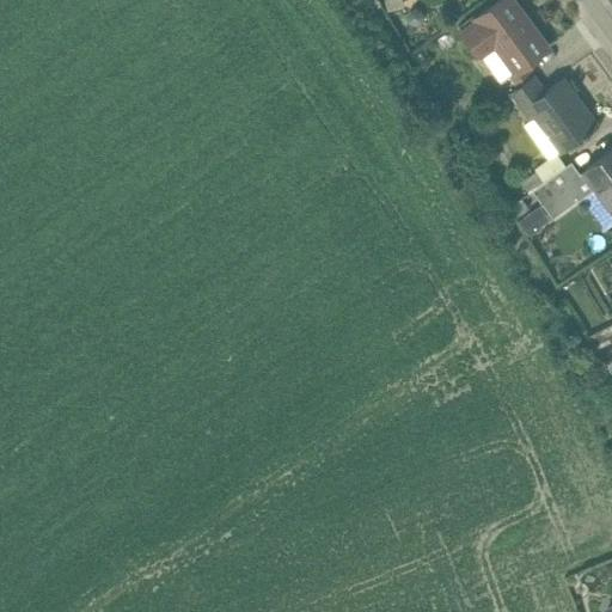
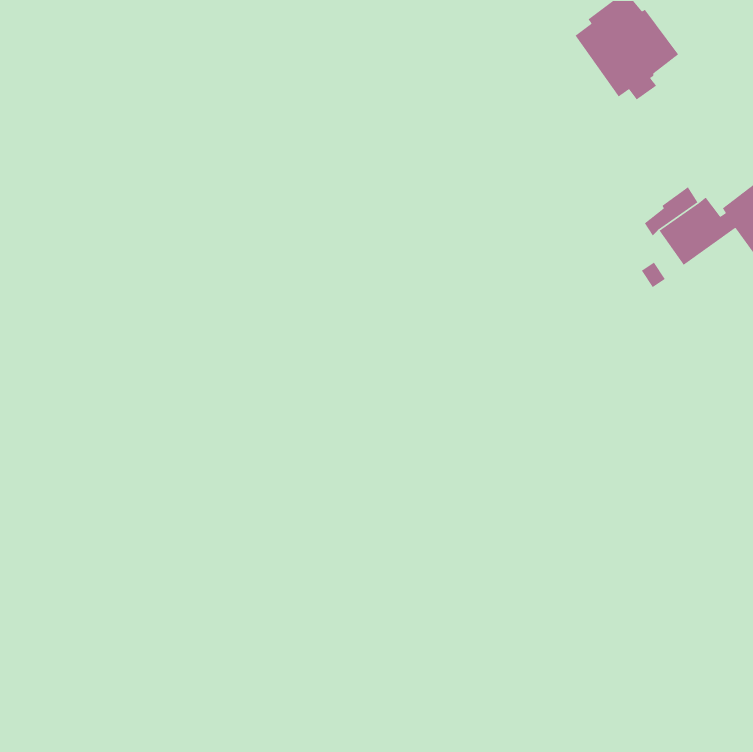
building: [510,76,598,153] -> none

